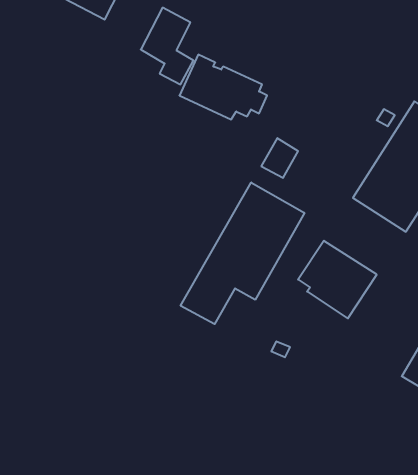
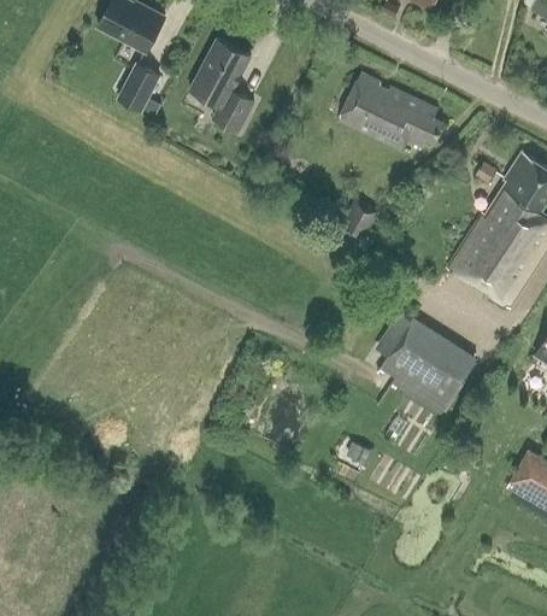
building: none -> [118,64,160,113]
building: [179,55,267,119] -> [337,72,443,151]
building: [181,182,304,324] -> none

